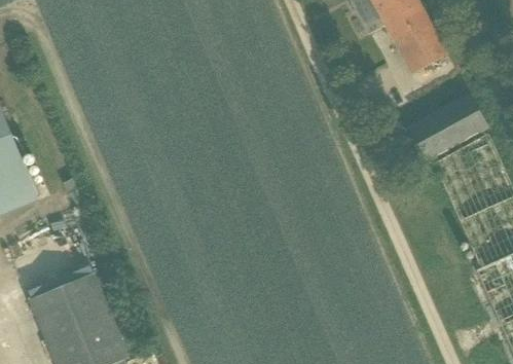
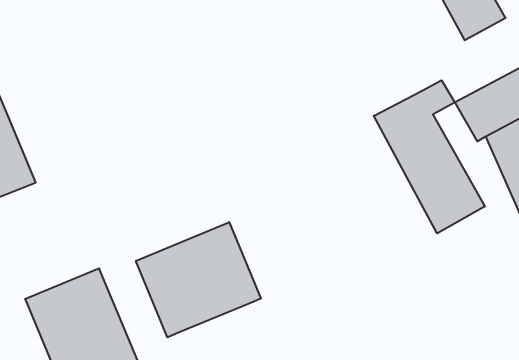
building: none -> [374,80,485,233]
building: none -> [136,222,261,337]

